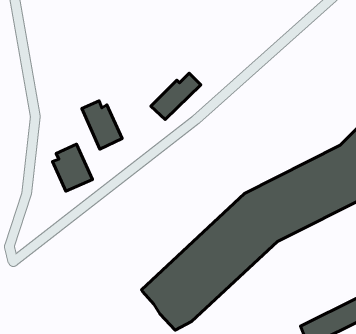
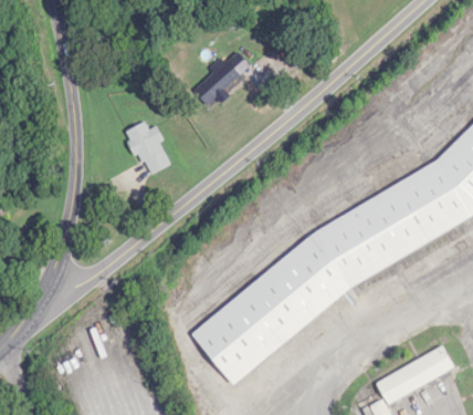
building: [151,73,201,120] -> [192,51,250,104]
building: [53,144,92,191] -> none

